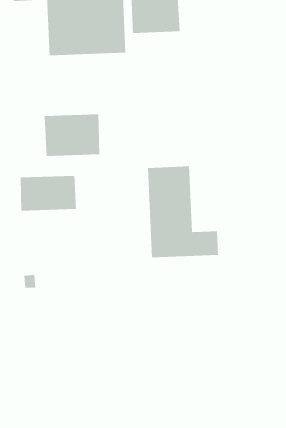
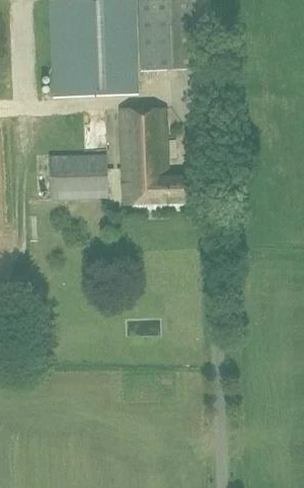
building: [147,166,219,258] -> [120,107,195,203]
building: [20,175,76,212] -> none

